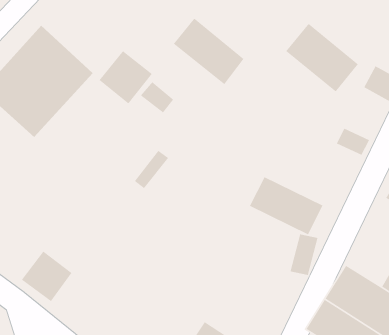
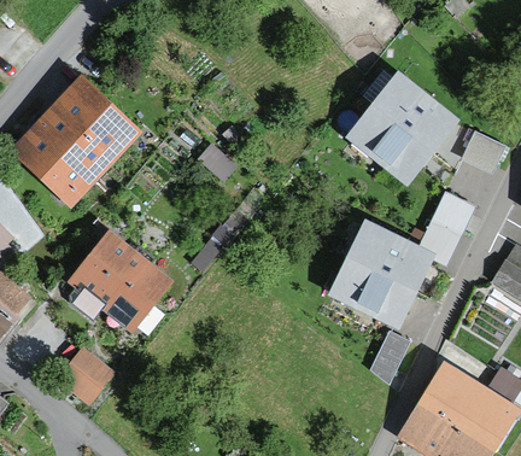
building: [173,18,245,85] -> [346,106,432,187]
building: [98,50,153,105] -> none
building: none -> [346,220,435,291]
building: none -> [66,229,174,334]

